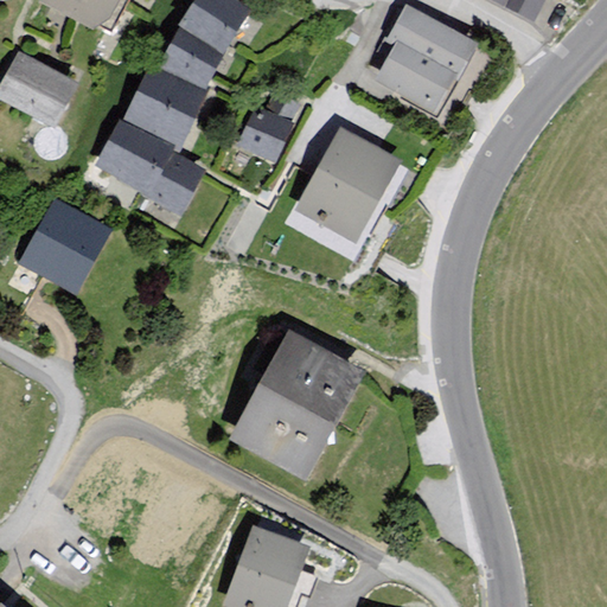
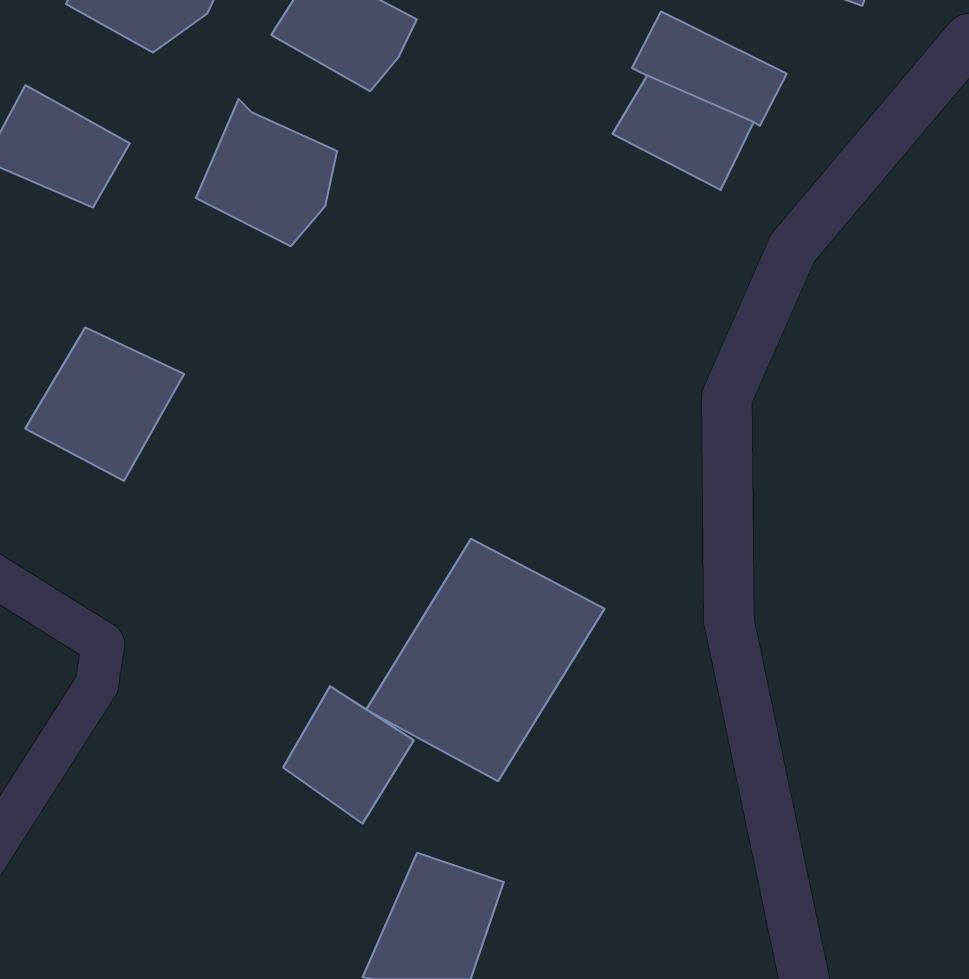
building: [146,21,226,92] -> none
building: [229,108,288,161] -> none
building: [91,121,205,215] -> none
building: [295,129,404,242] -> none
building: none -> [283,686,414,824]

